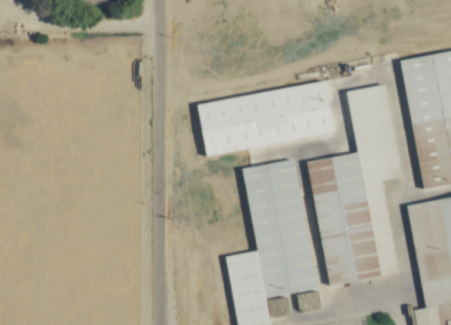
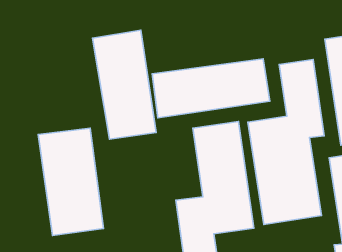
building: none -> [92,30,156,139]
building: none -> [38,128,103,236]

